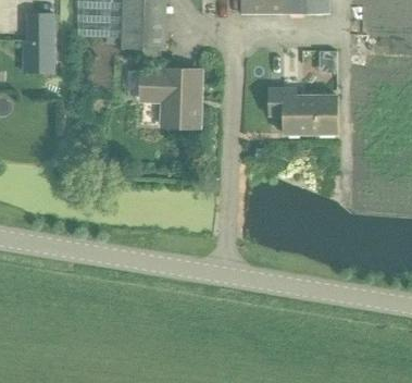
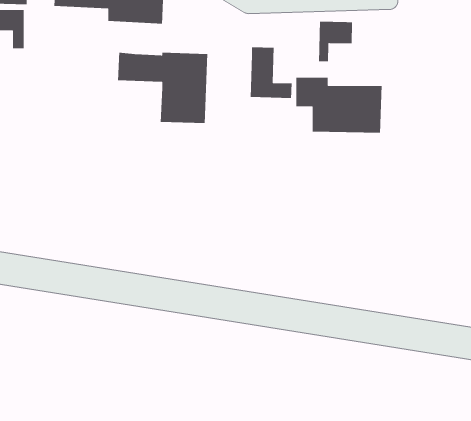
building: none -> [318,21,353,62]
building: none -> [250,46,292,99]

